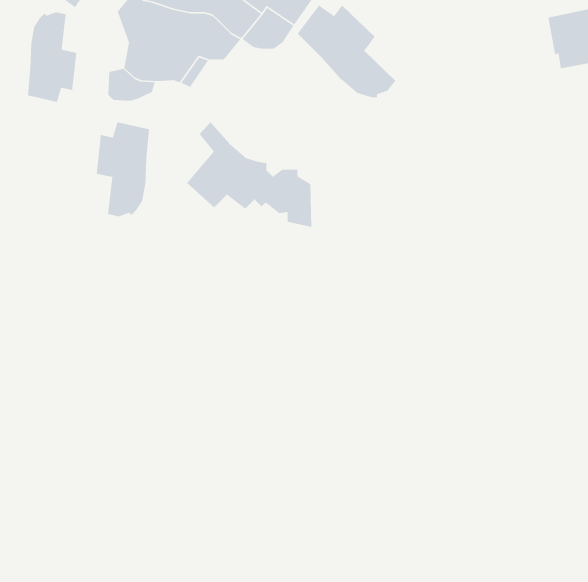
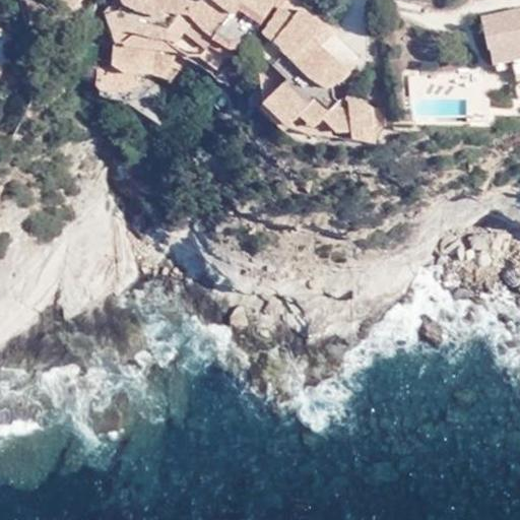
building: [27,11,77,103] -> none
building: [186,122,312,228] -> [263,51,374,144]
building: [96,122,150,217] -> none

